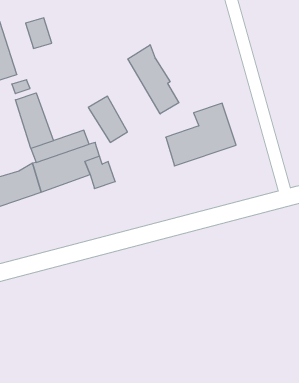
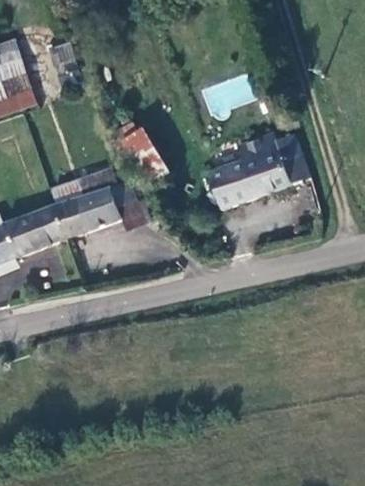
building: [128,45,179,114] -> none
building: [15,93,53,148] -> none
building: none -> [272,130,308,184]

